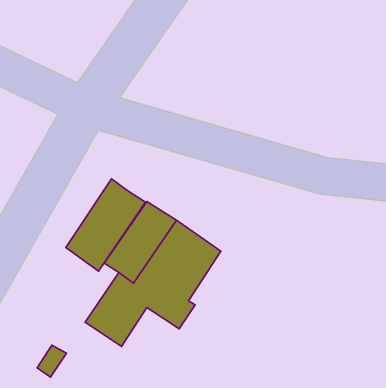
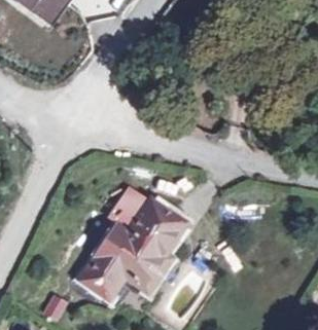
building: [66,179,146,271] -> none

